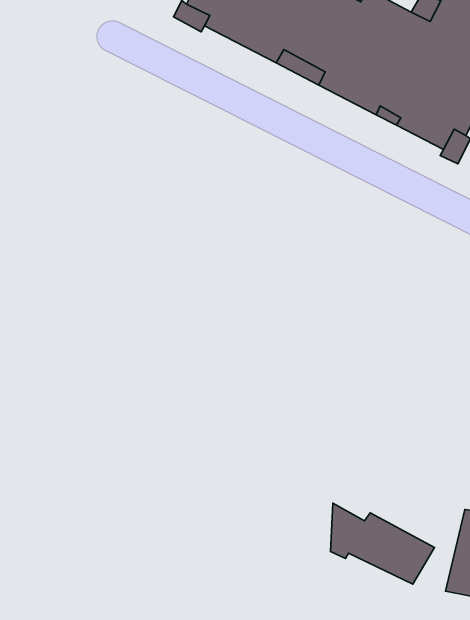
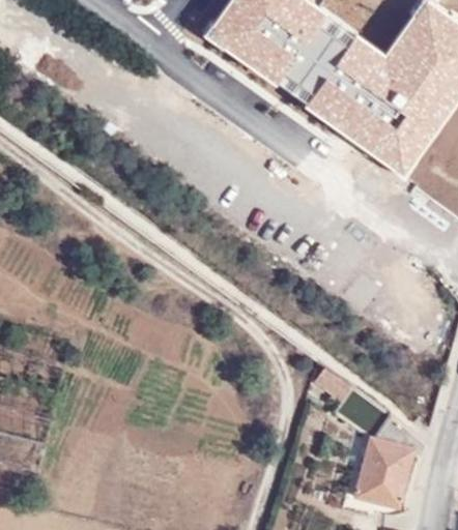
building: [330,503,434,584] -> none

